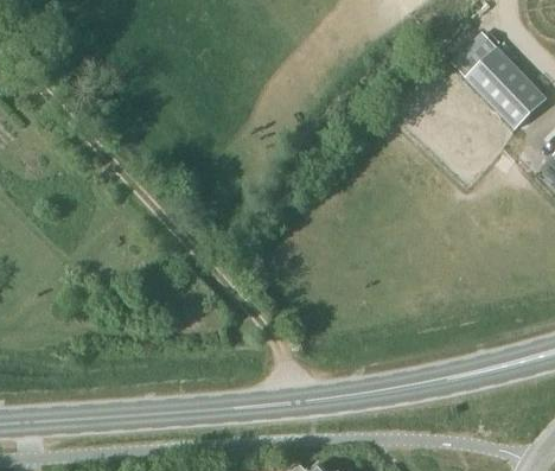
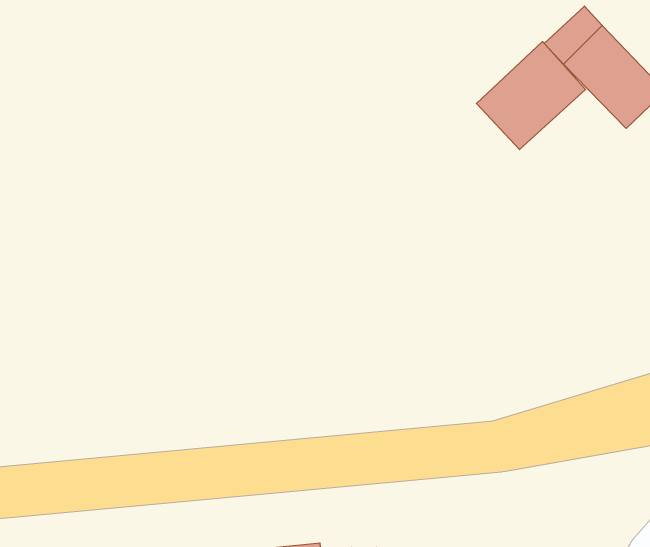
building: none -> [476,42,586,150]

